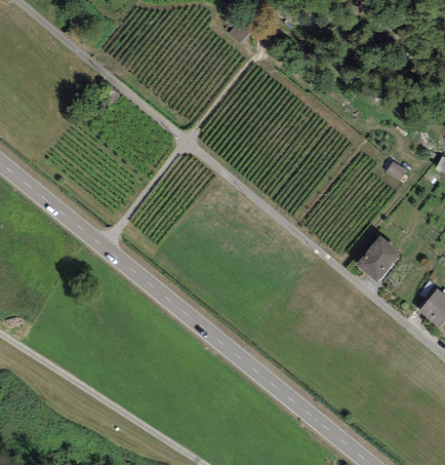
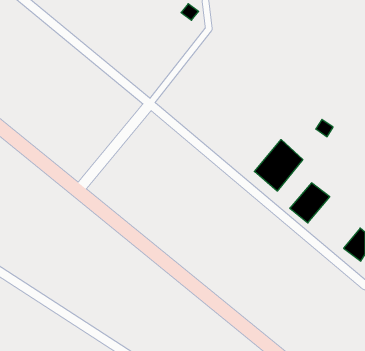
building: none -> [254,140,303,191]

